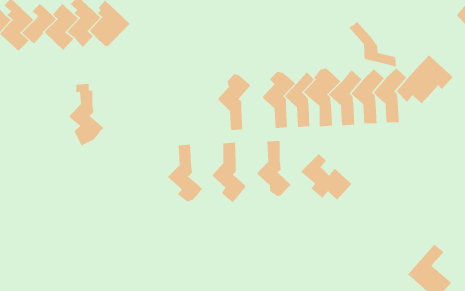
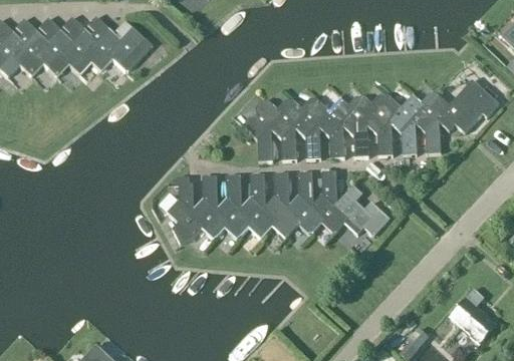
building: [348,21,397,68] -> none
building: none -> [268,100,305,160]
building: [68,83,104,147] -> [166,176,205,245]
building: none -> [310,171,348,233]
building: none -> [262,172,300,234]
building: none -> [214,174,252,239]

